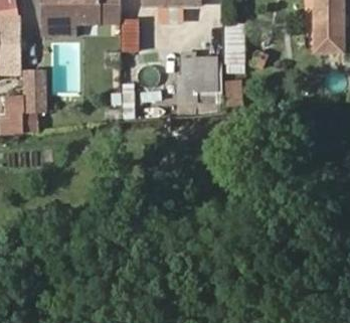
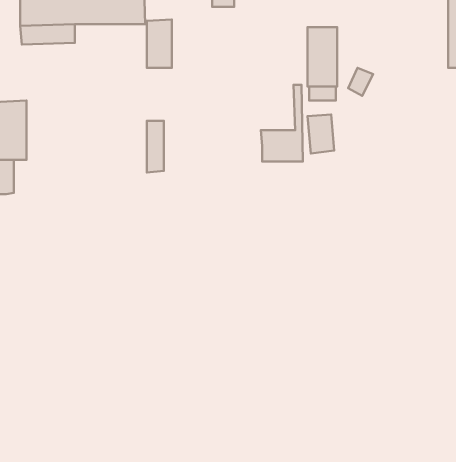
building: [178,54,217,100] -> none

